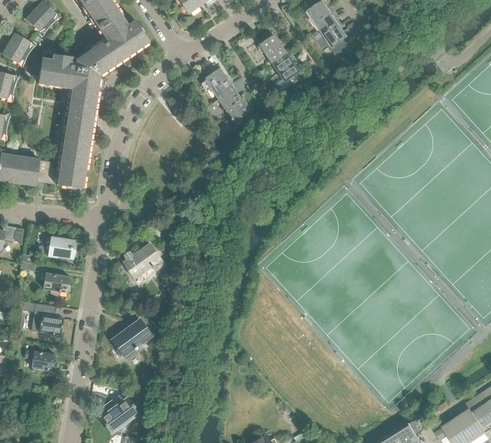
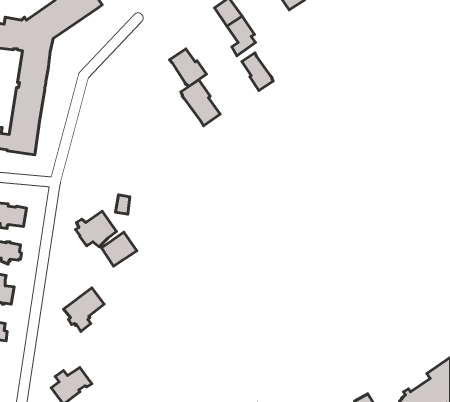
building: [201,65,231,96] -> none
building: none -> [242,53,273,91]
building: none -> [181,80,220,126]
building: none -> [102,232,137,266]

